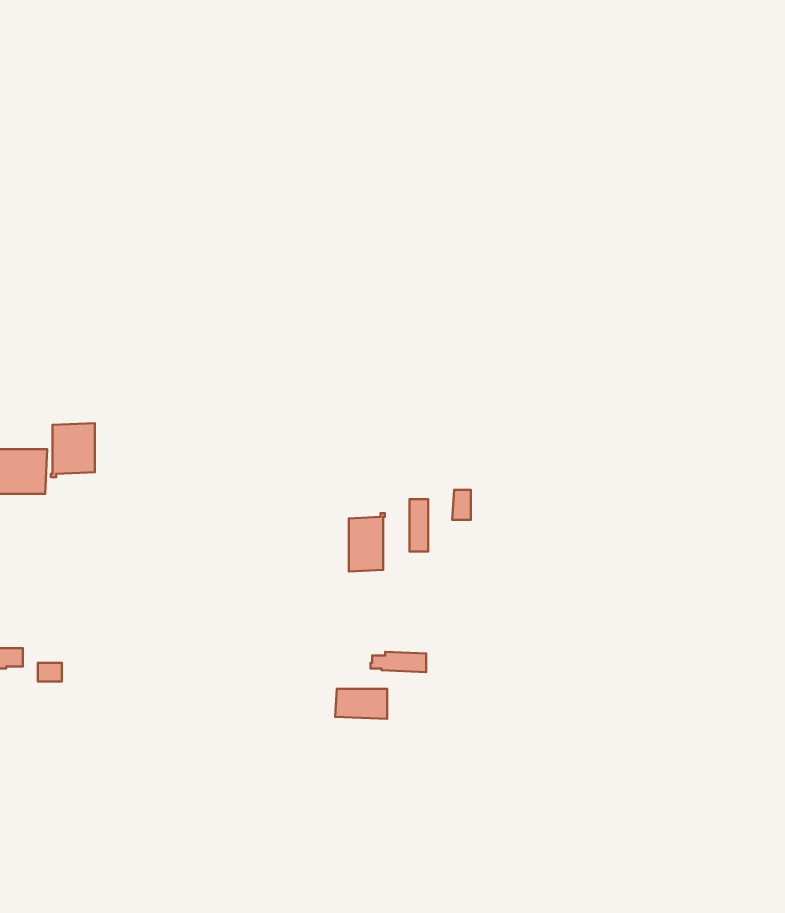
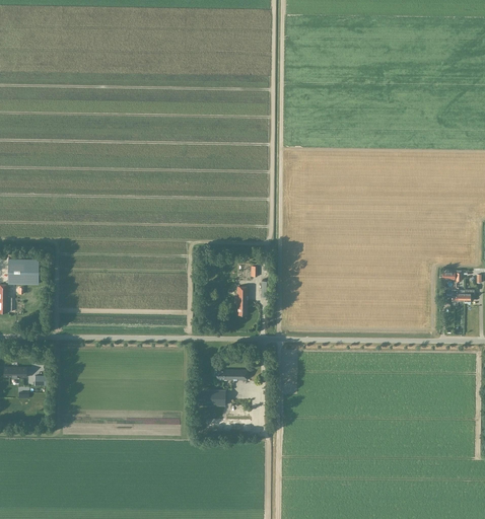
building: [51,423,95,477] -> none
building: [349,513,385,571] -> none

